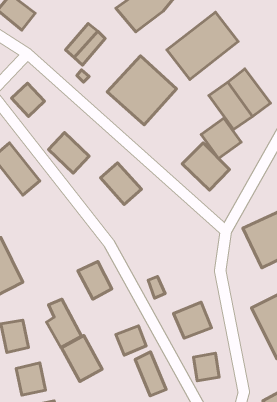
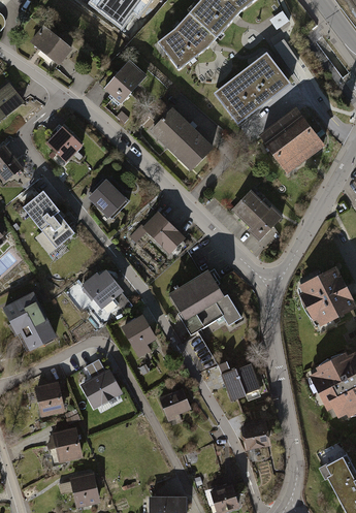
building: [201,118,241,158] -> none
building: none -> [80,268,121,309]
building: none -> [166,270,240,336]
building: [62,335,102,382] -> none
building: [135,352,166,396] -> none

